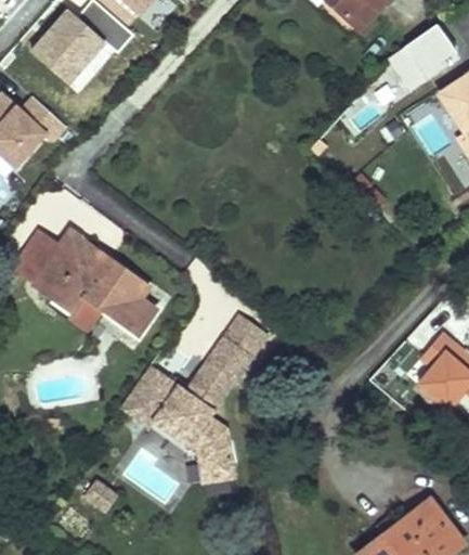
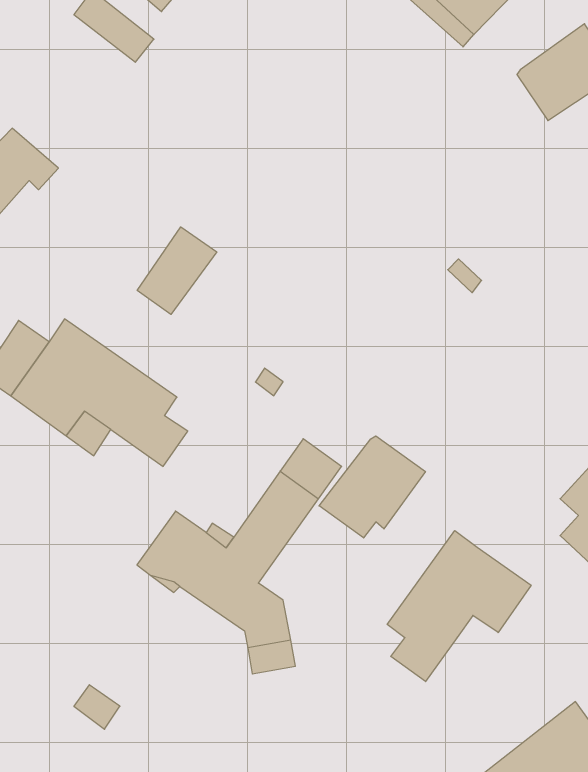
building: [32,13,106,87] -> none
building: none -> [137,227,217,314]
building: none -> [319,436,425,538]
building: none -> [387,531,531,682]

